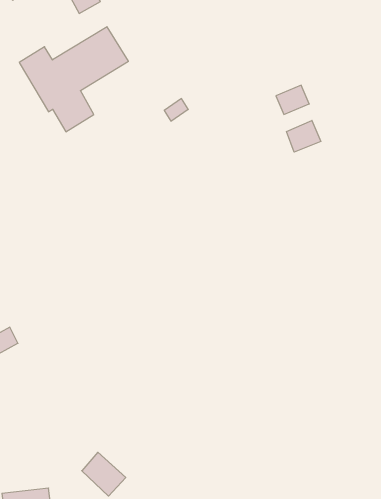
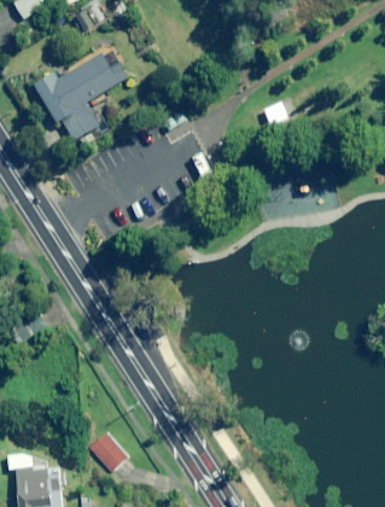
building: [286,120,321,152] -> none

